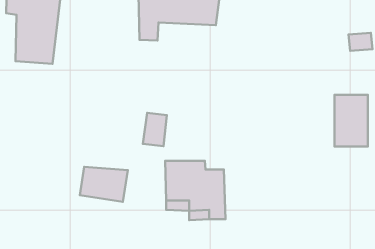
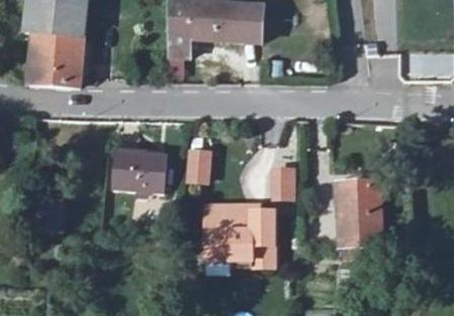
building: [334,95,368,146] -> [343,187,382,248]
building: none -> [265,163,292,198]
building: [80,167,128,202] -> [114,153,171,194]

